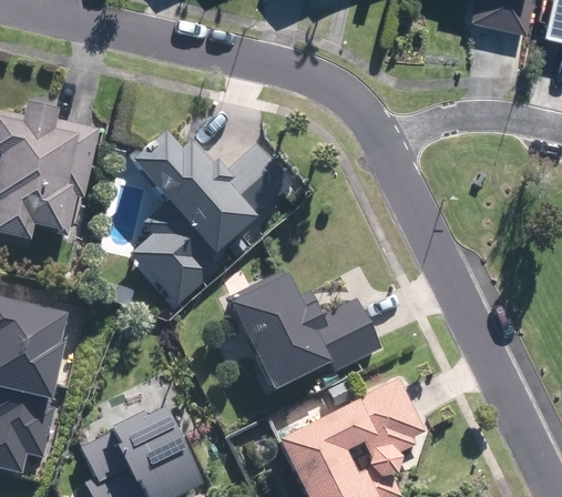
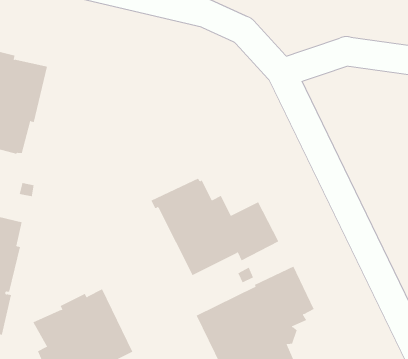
building: [127,138,290,310] -> none

